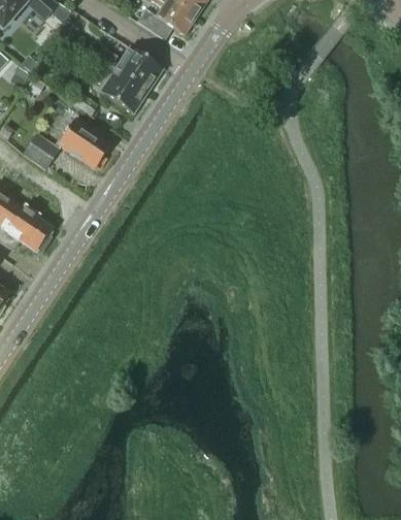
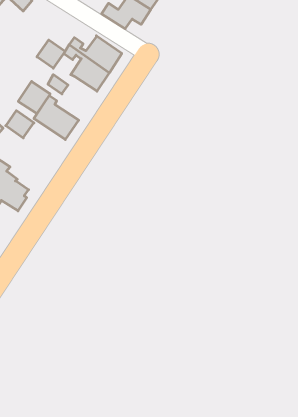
building: none -> [37,40,65,68]
building: none -> [18,81,50,114]

